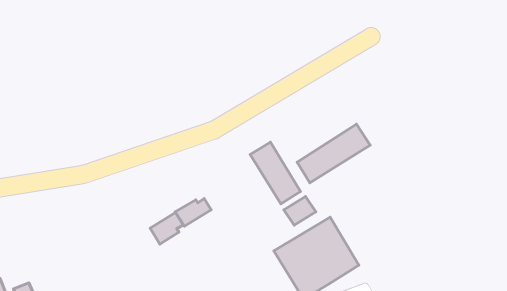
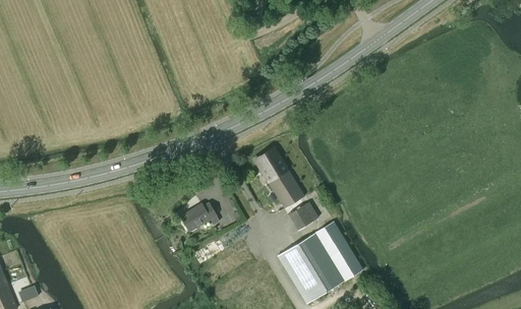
building: [297,124,370,183] -> none
building: [150,212,183,244] -> none

